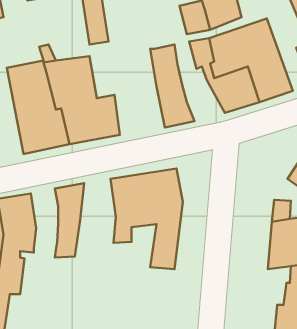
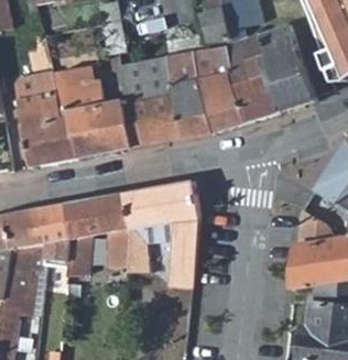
building: none -> [189,50,242,132]
building: none -> [115,56,180,146]
building: none -> [90,193,128,269]
building: none -> [39,203,67,268]

